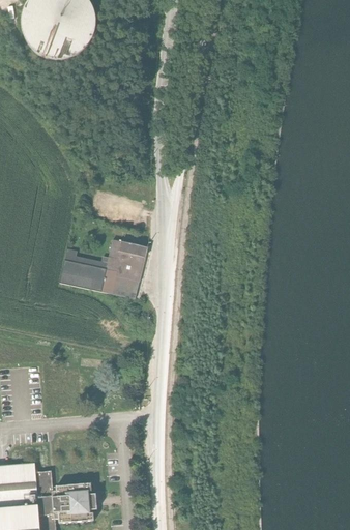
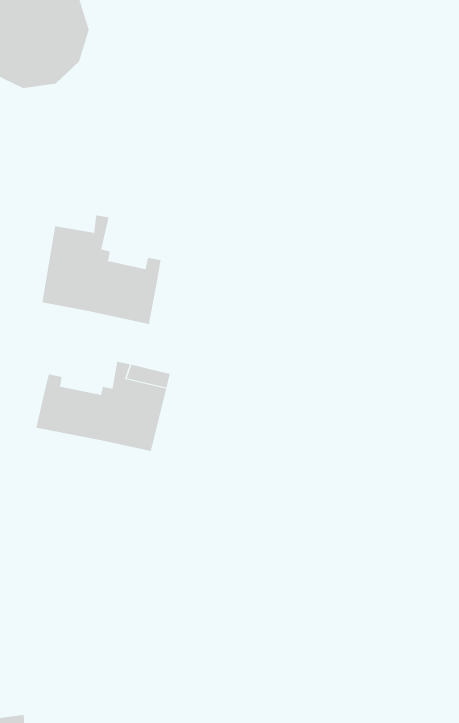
building: none -> [42,214,161,325]

